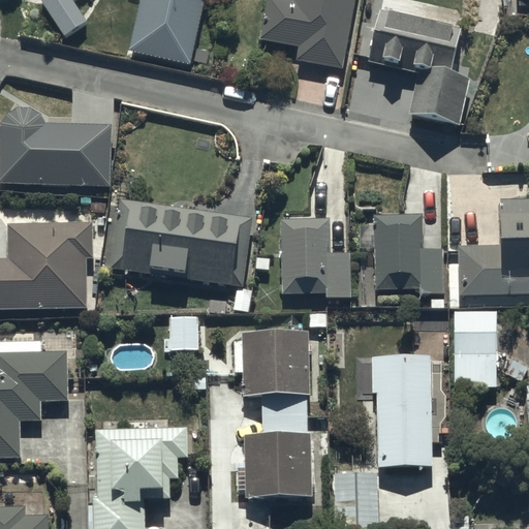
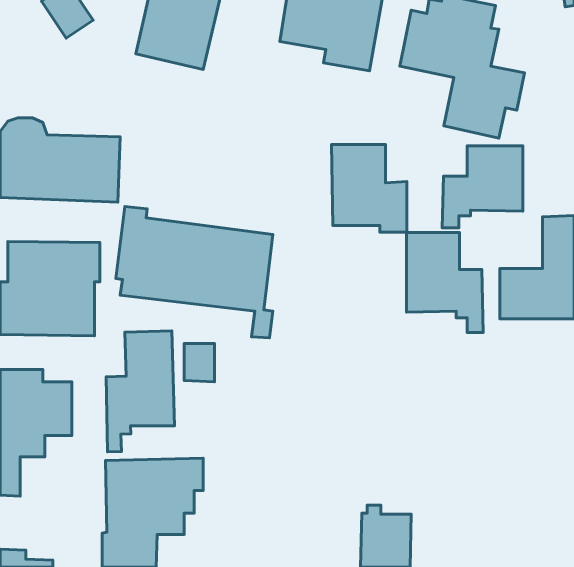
building: none -> [442,146,523,228]
building: [280,218,349,299] -> [332,145,407,232]
building: none -> [106,331,175,452]
building: [453,311,496,388] -> none
building: [232,332,315,498] -> none
building: [372,357,431,466] -> none

